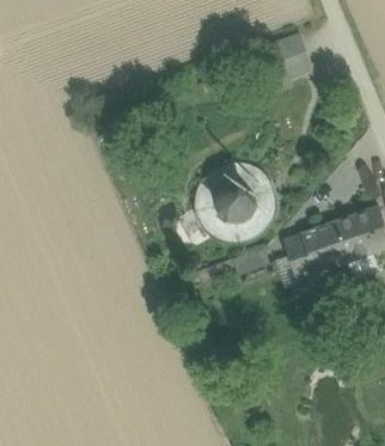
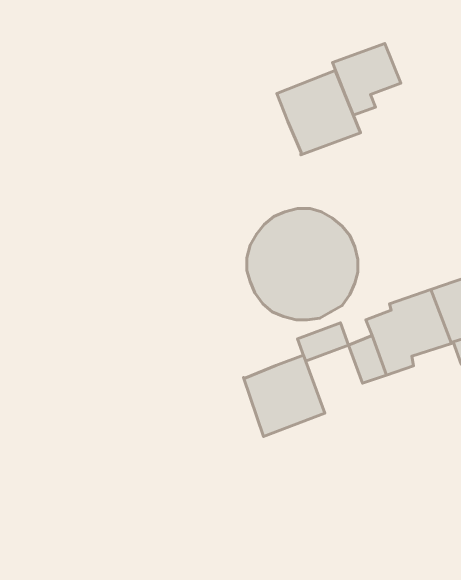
building: none -> [277,70,360,155]
building: none -> [243,355,325,437]

